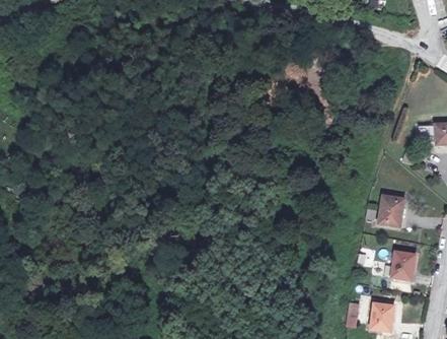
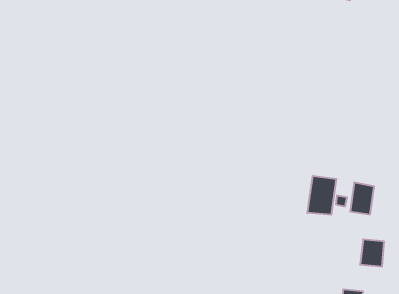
building: none -> [307,176,336,215]

